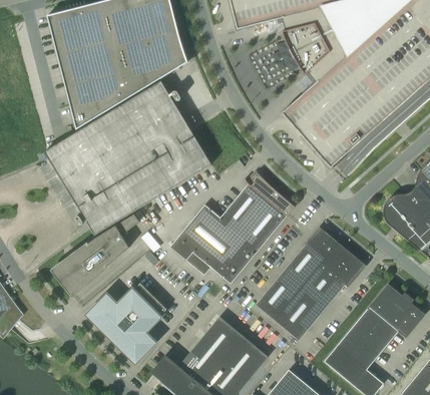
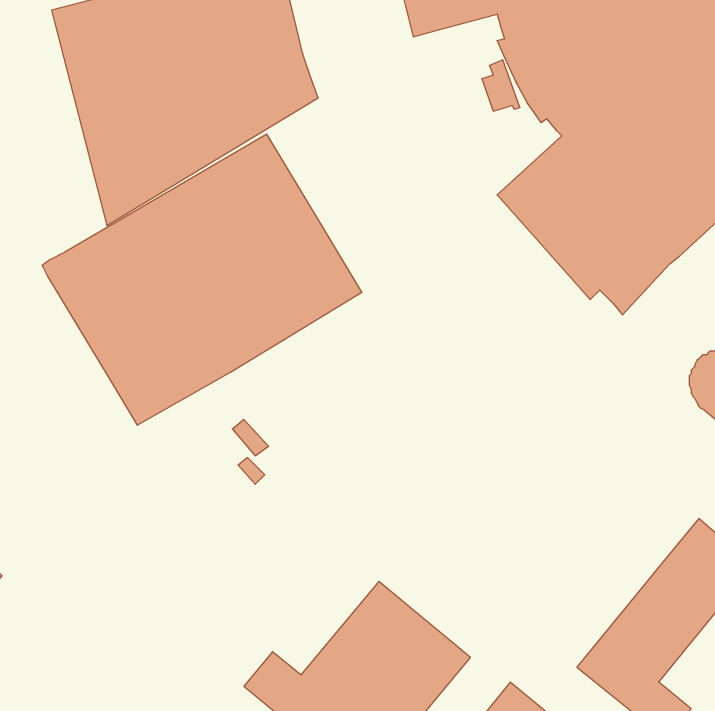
building: [169,171,295,284] -> none
building: [53,214,139,295] -> none
building: [255,227,366,340] -> none
building: [83,285,161,364] -> none

